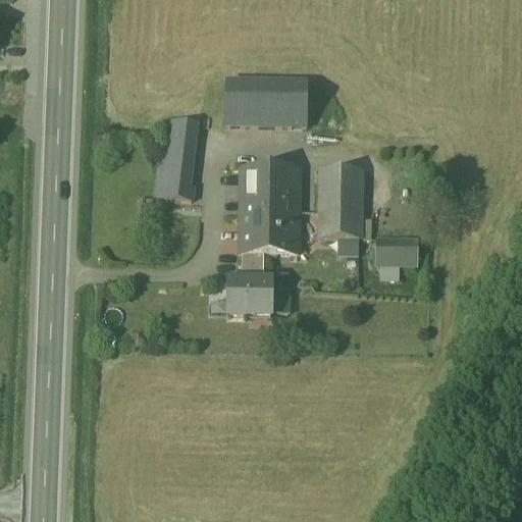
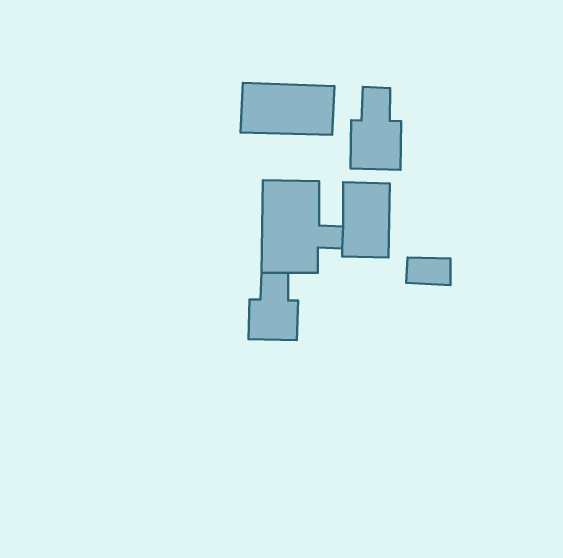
building: none -> [350,87,401,170]
building: [158,115,202,199] -> none

